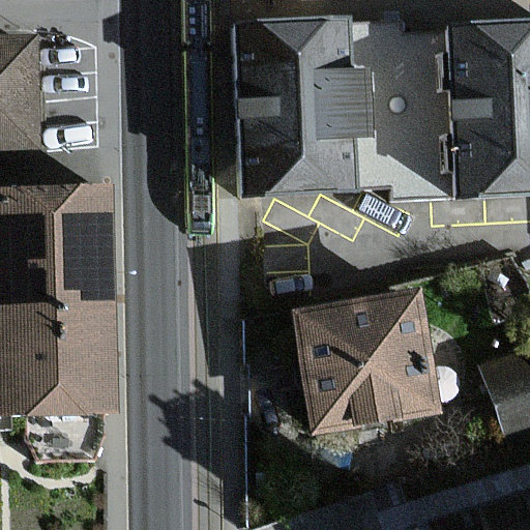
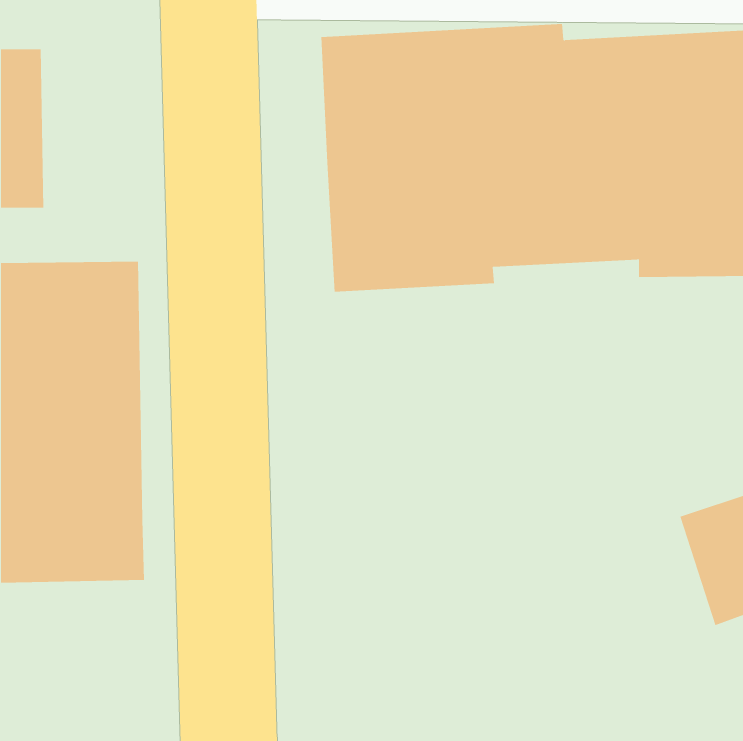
building: [290,290,440,436] -> none

